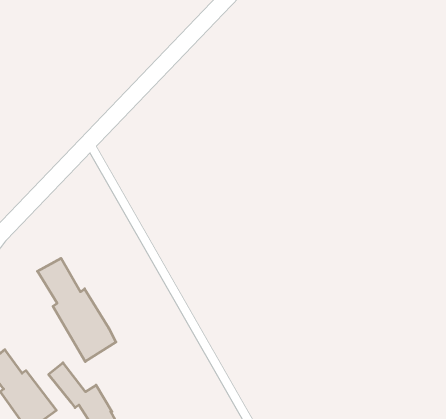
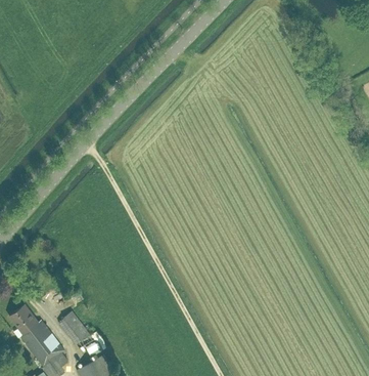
building: [37,258,116,362] -> none

